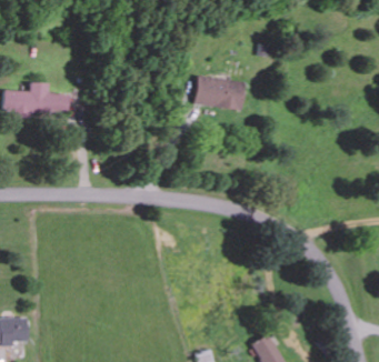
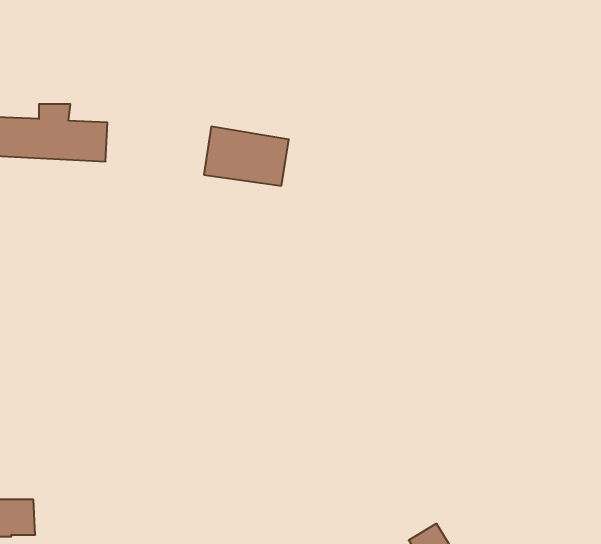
building: [195,74,246,110] -> [204,127,289,186]

